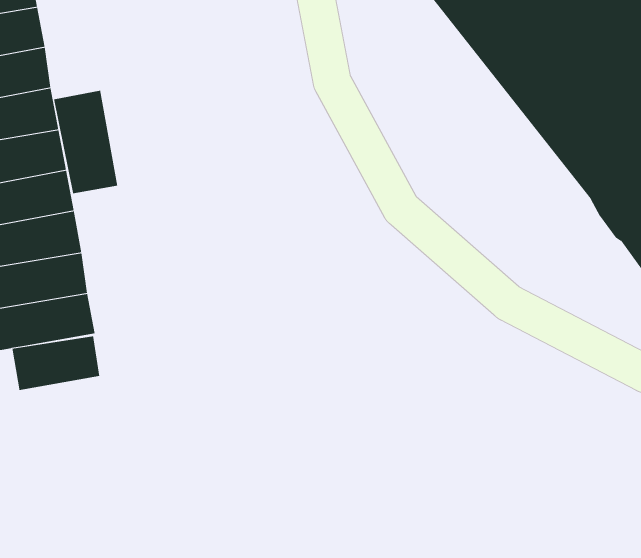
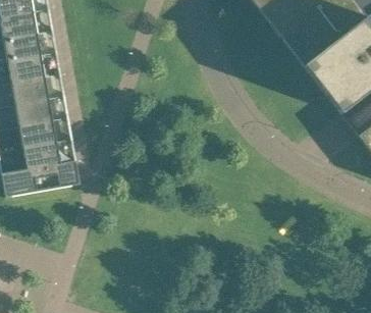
building: [53,90,118,194] -> none
building: [12,336,100,391] -> none

